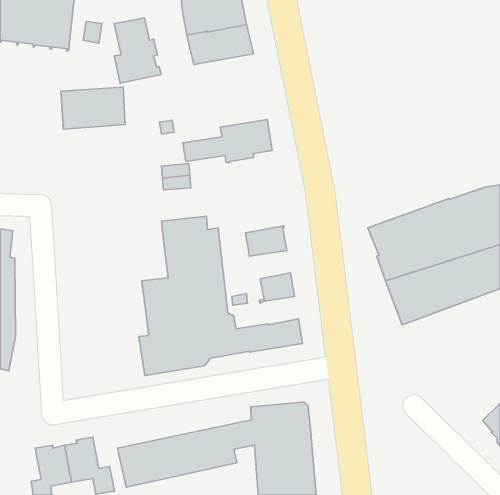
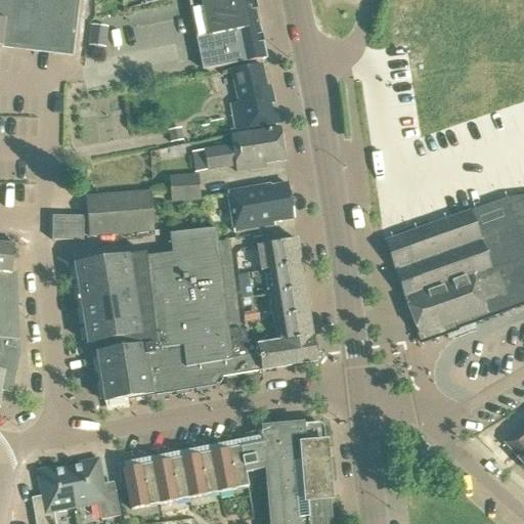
building: [114,18,161,83] -> [229,61,278,130]
building: [61,87,125,129] -> [86,189,154,233]
building: none -> [227,182,293,228]
building: none -> [52,214,83,237]
building: none -> [74,251,176,399]
building: none -> [261,262,304,293]
building: none -> [276,310,312,340]

